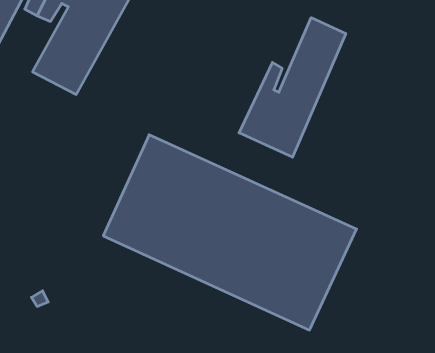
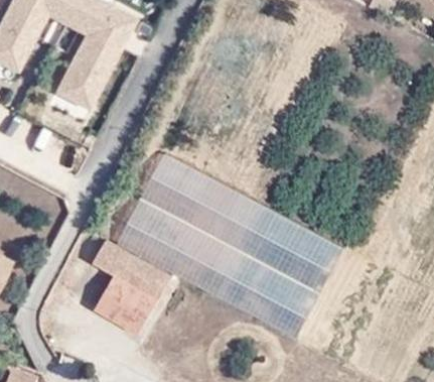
building: [239,18,346,157] -> none
building: none -> [89,237,169,331]

